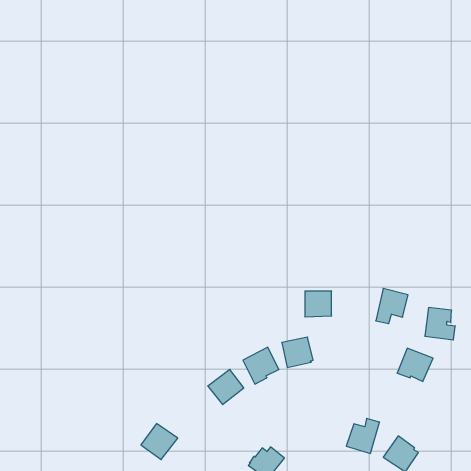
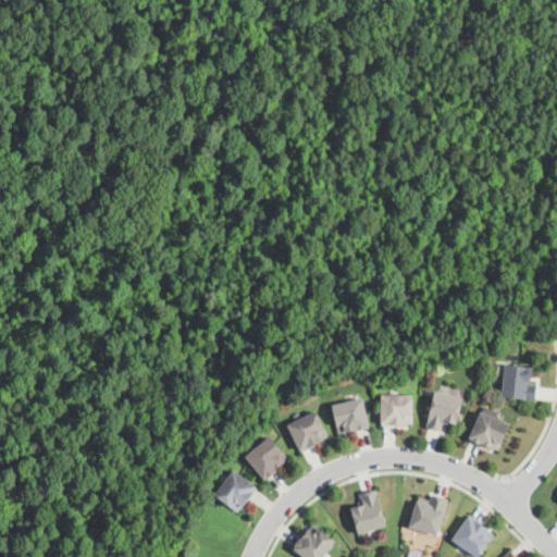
building: [376,288,408,324] -> [425,391,463,432]
building: [305,291,332,317] -> [381,395,412,425]
building: none -> [350,490,385,533]
building: [141,424,178,460] -> [213,470,257,512]

